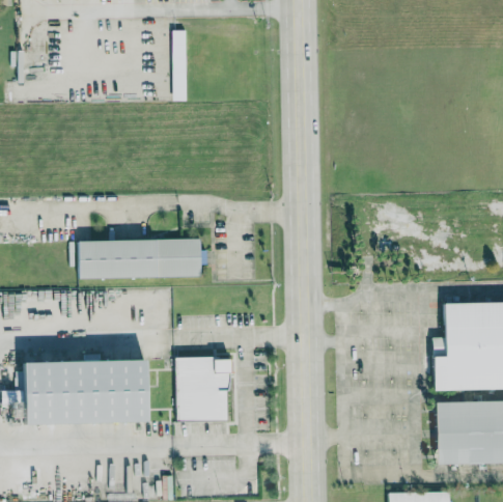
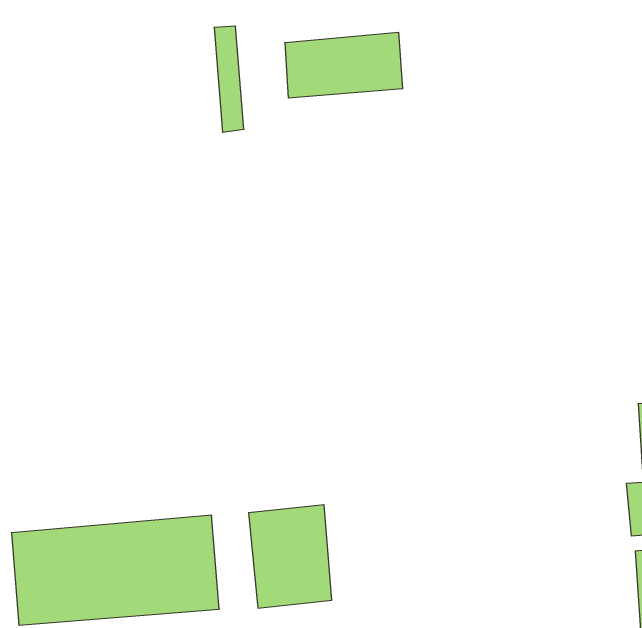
building: none -> [285,32,402,98]
building: [78,239,209,280] -> none

